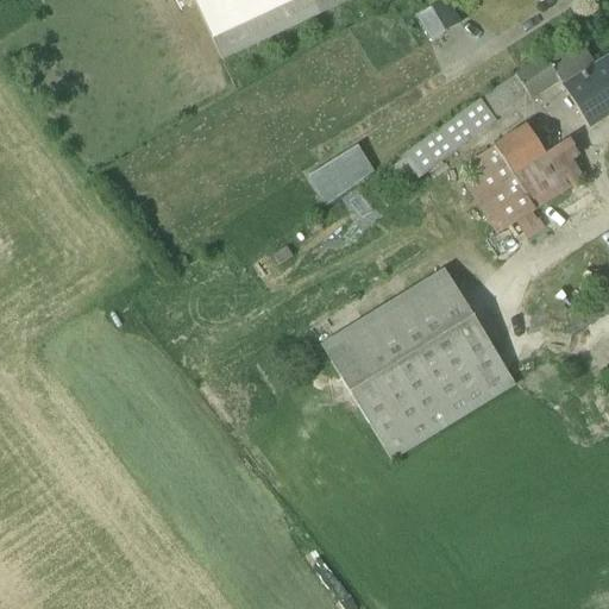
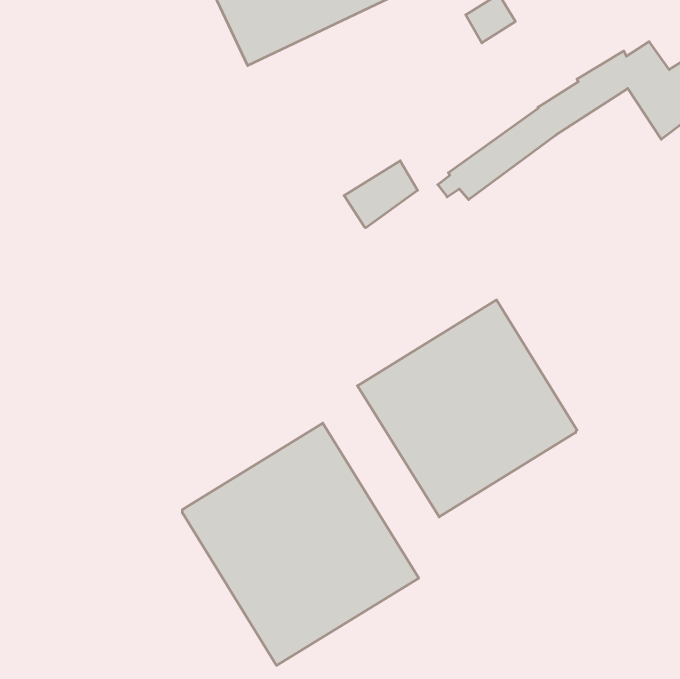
building: [465,121,588,237] -> none
building: none -> [182,423,419,665]

